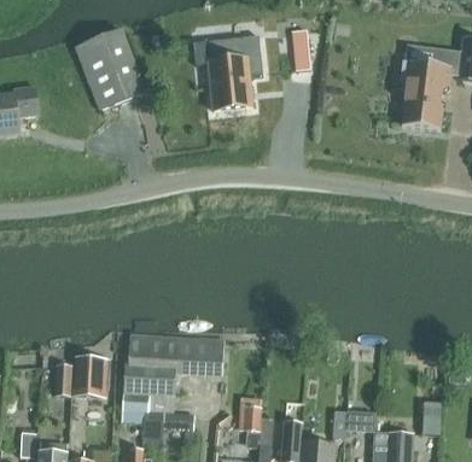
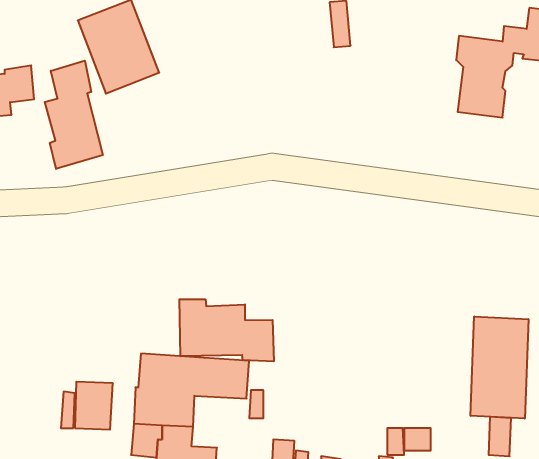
building: [192,35,262,110] -> none
building: none -> [45,61,103,169]
building: none -> [179,299,274,361]
building: none -> [471,316,528,419]

